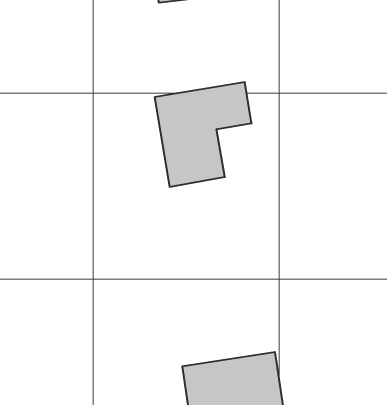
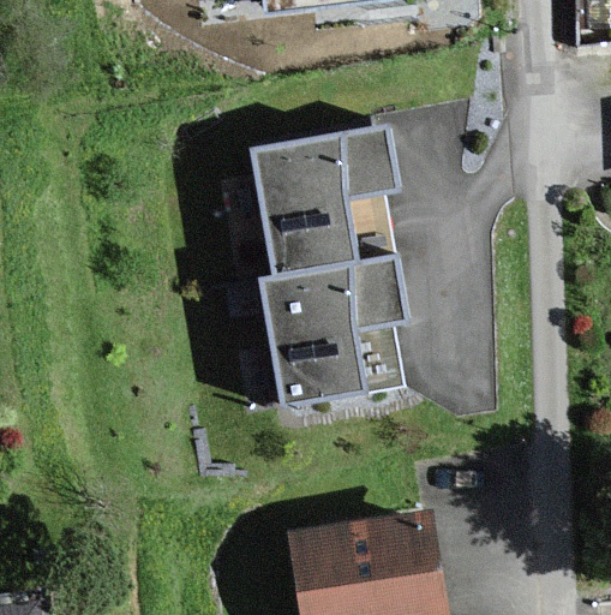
building: none -> [263,256,403,401]

